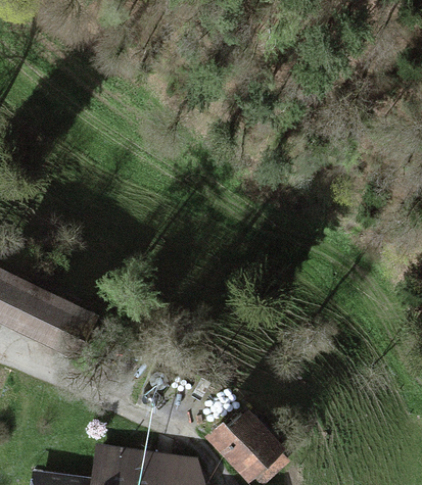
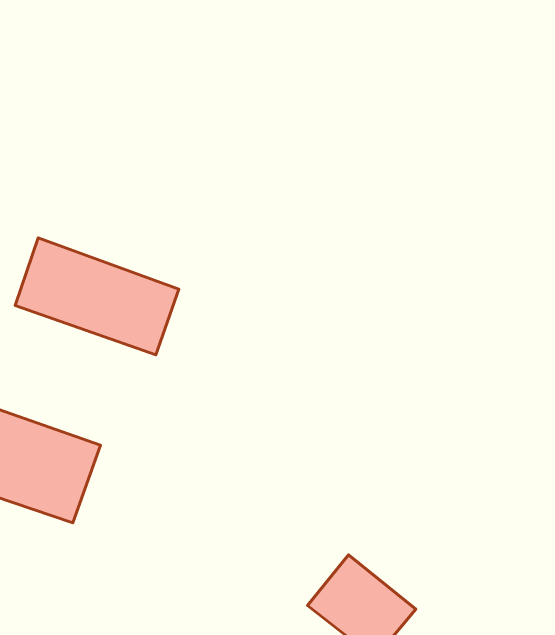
building: none -> [15,238,179,355]

